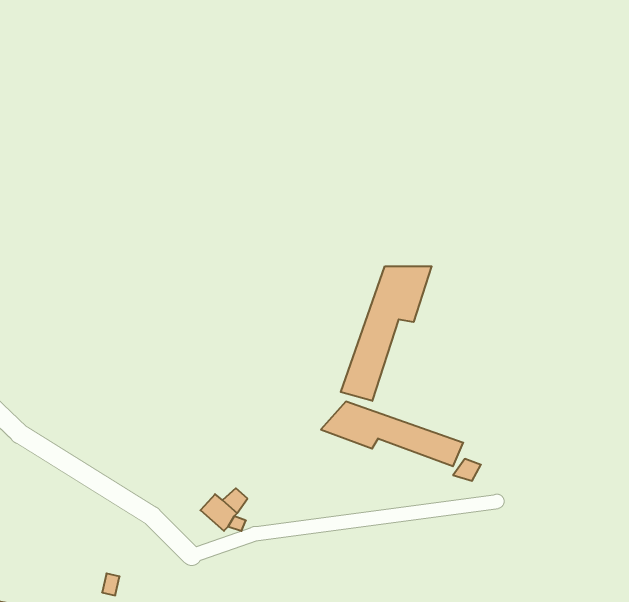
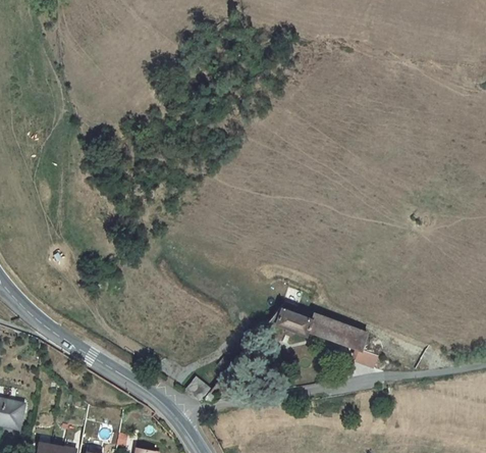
building: [341,266,432,401] -> none

